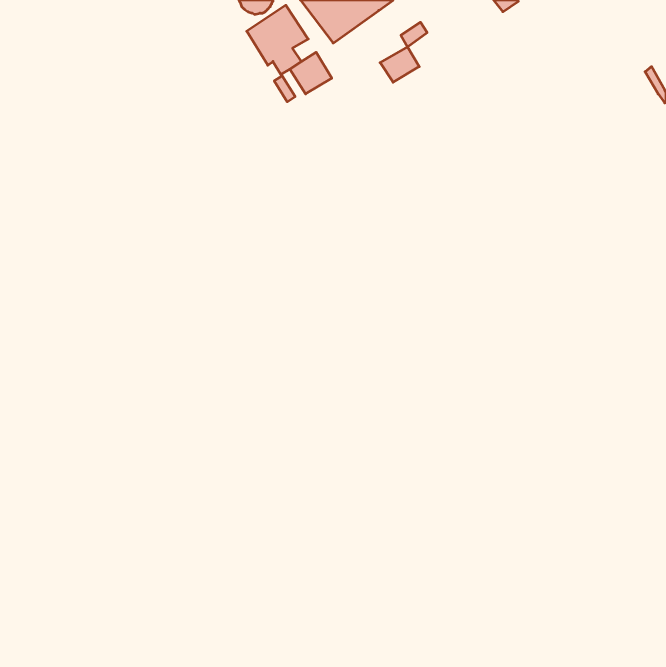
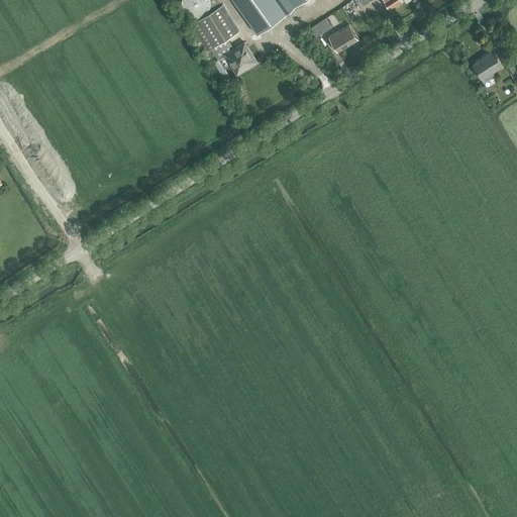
building: [380,47,419,82] -> [327,24,357,51]
building: none -> [473,51,501,82]

